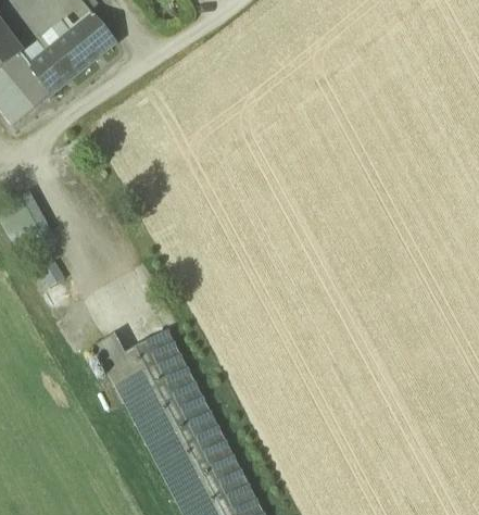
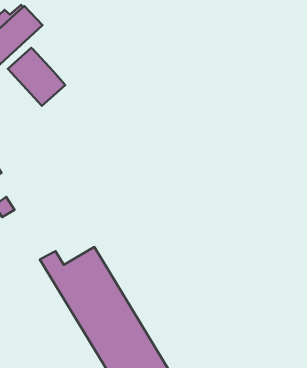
building: none -> [8,48,65,106]

